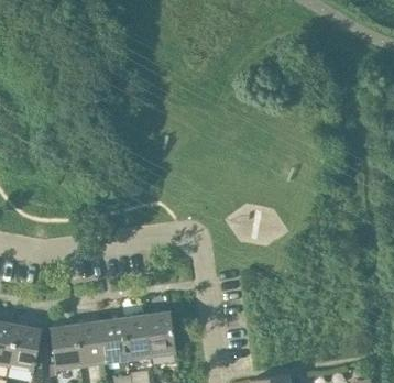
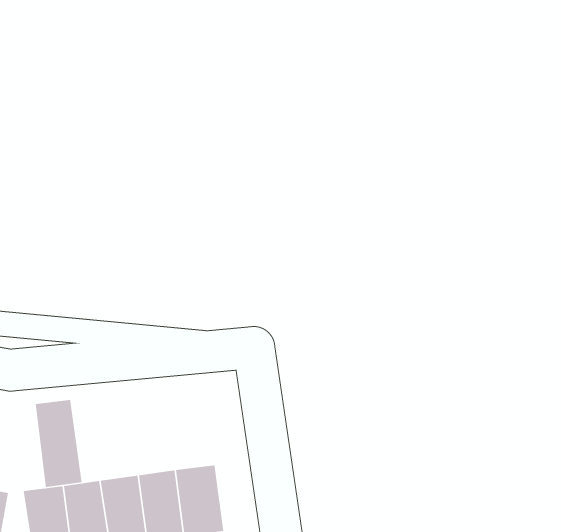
building: none -> [35,399,82,488]

